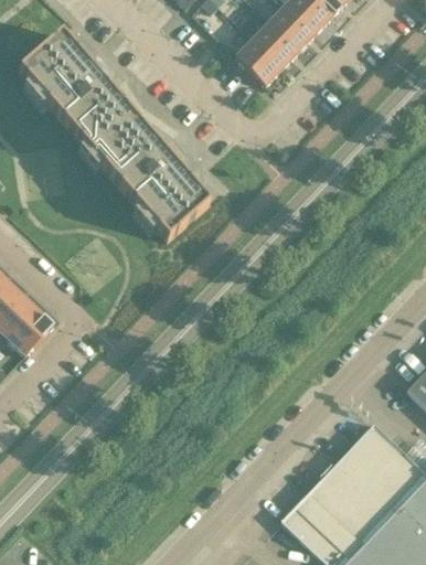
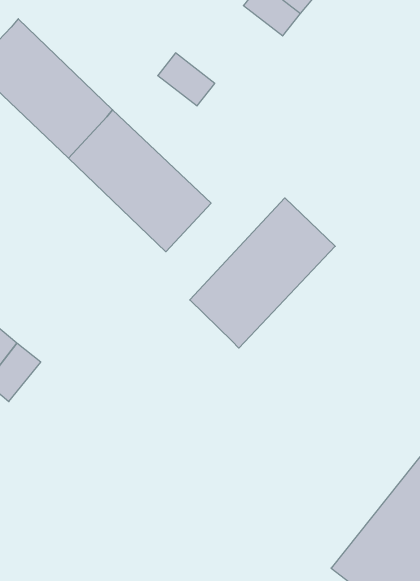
building: [235,39,283,85] -> [158,53,215,106]
building: none -> [190,198,335,348]

